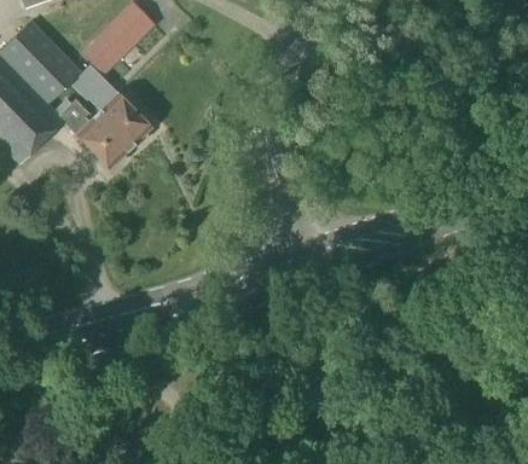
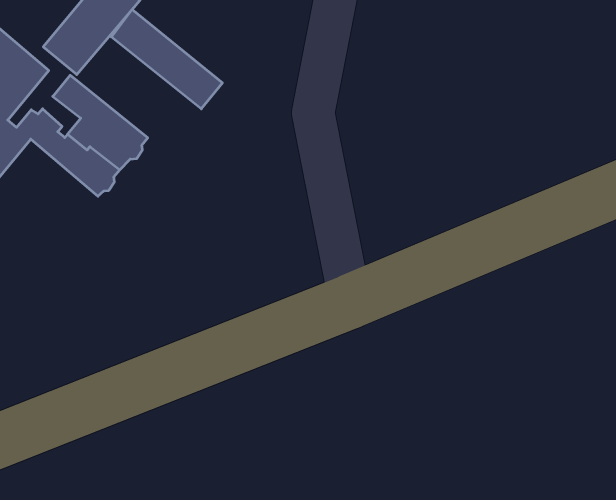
building: none -> [111,10,222,109]

